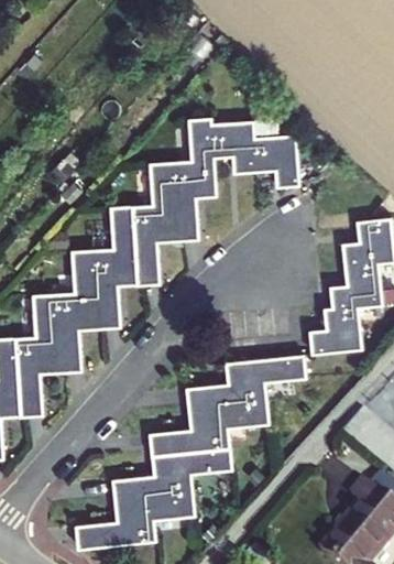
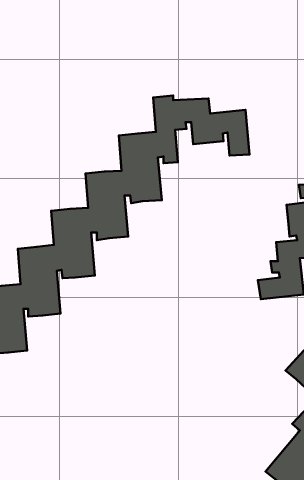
building: [75,355,305,549] -> none

